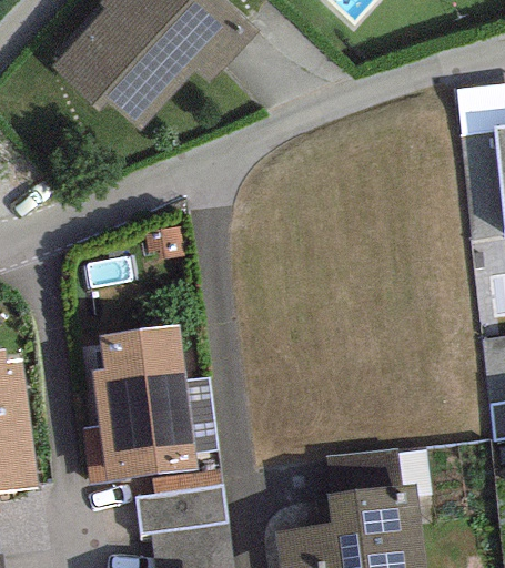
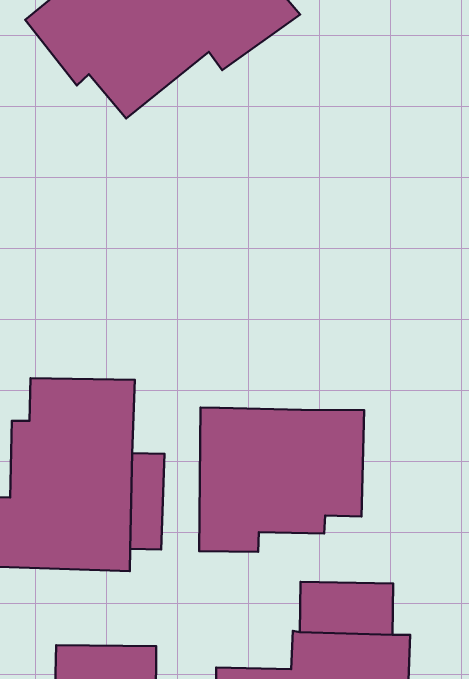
building: none -> [199,408,364,552]
building: [135,471,225,535] -> none

